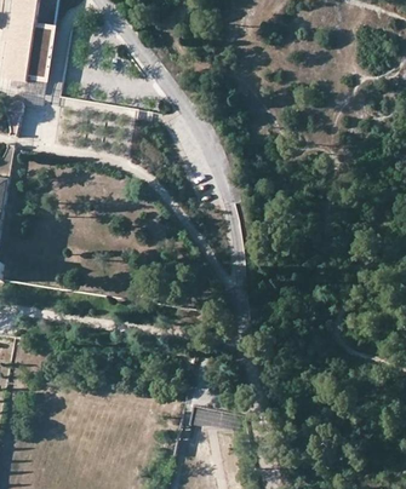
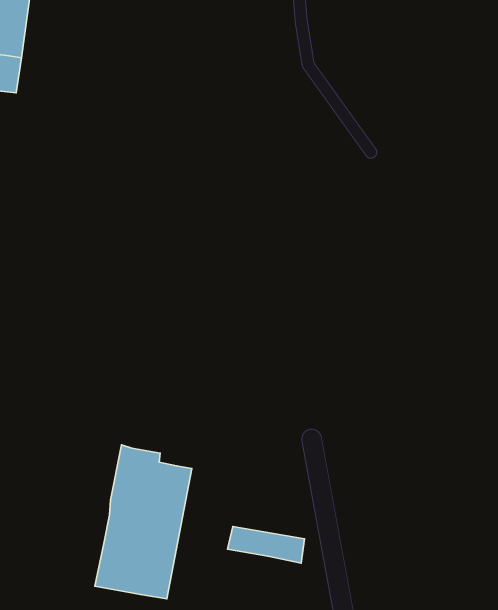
building: none -> [95,445,192,599]

